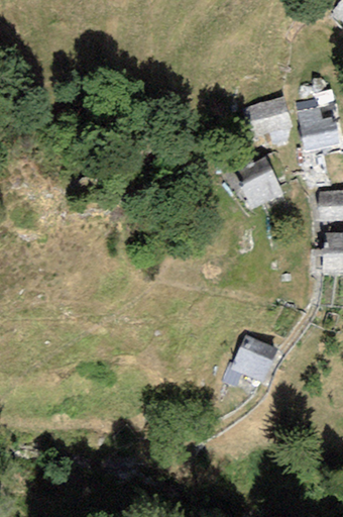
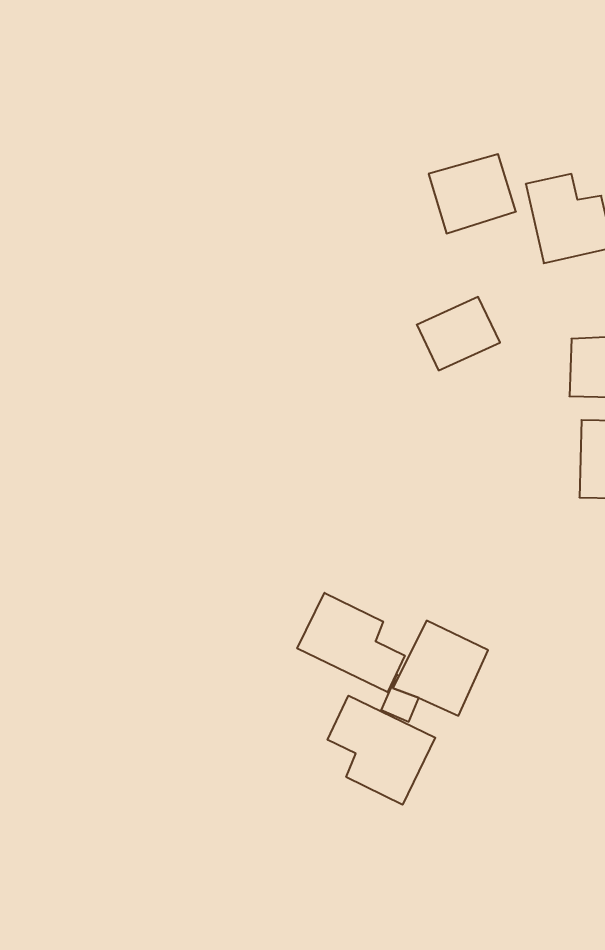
building: none -> [297,593,405,692]
building: none -> [328,696,435,805]

